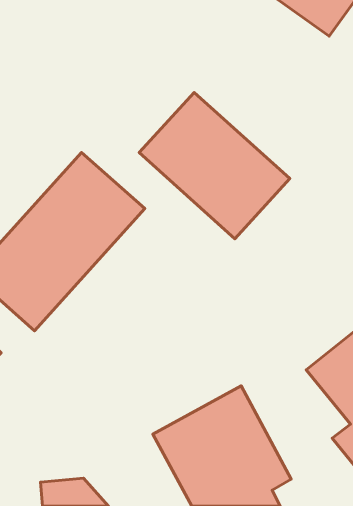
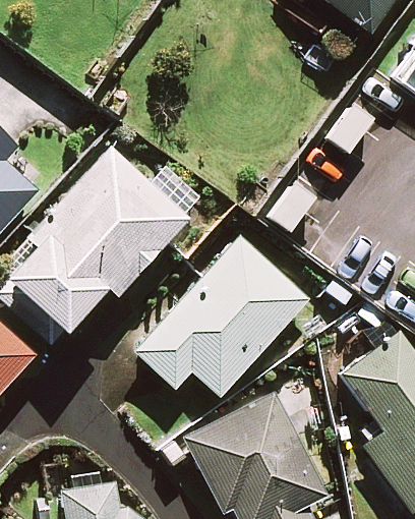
building: [139,92,290,239] -> none
building: none -> [135,233,307,392]

